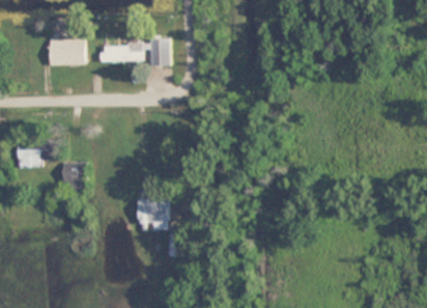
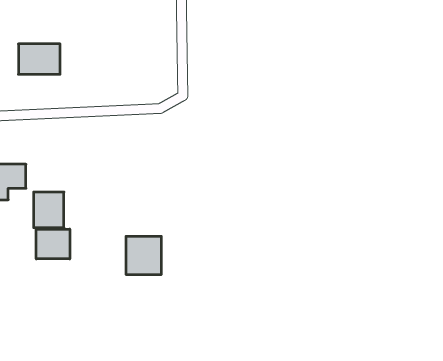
building: [101,37,170,65] -> none
building: none -> [36,229,70,259]

